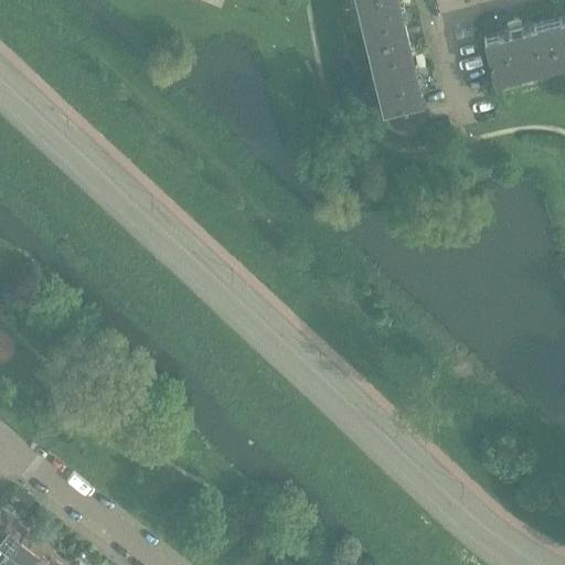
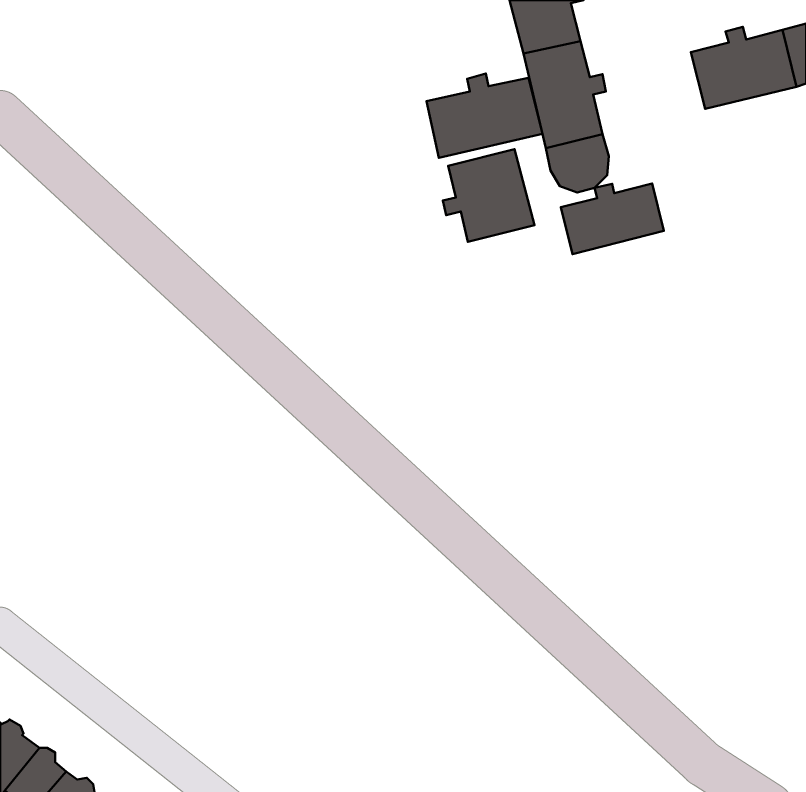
building: none -> [427,74,542,158]
building: none -> [443,149,534,242]
building: none -> [561,184,664,254]

